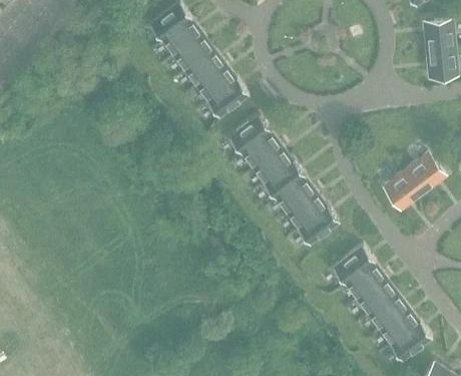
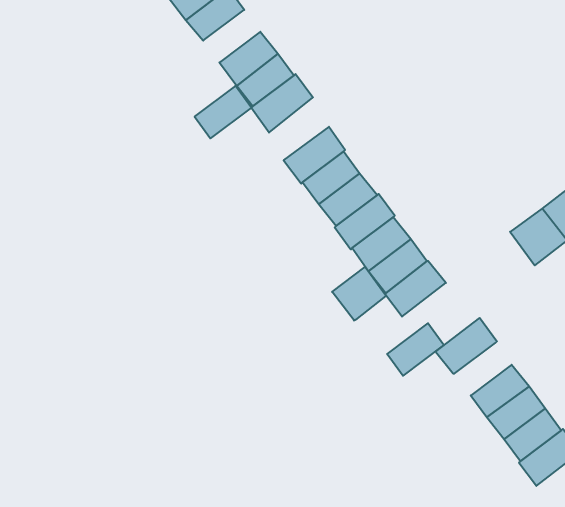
building: [172,34,211,70] -> [195,86,252,138]
building: none -> [332,267,386,321]
building: [345,263,384,299] -> [387,323,444,376]

